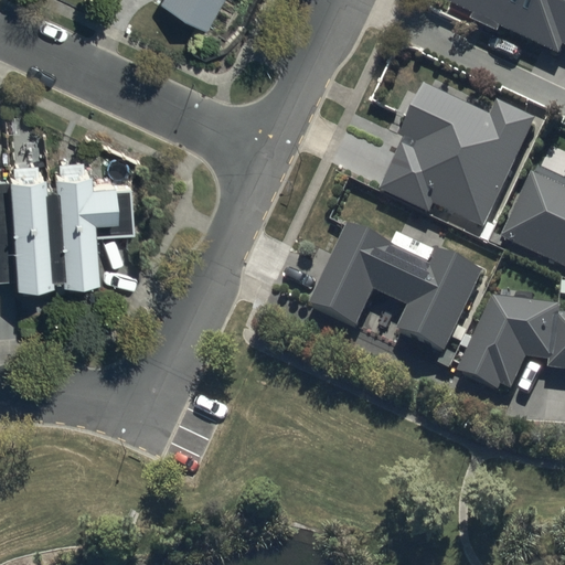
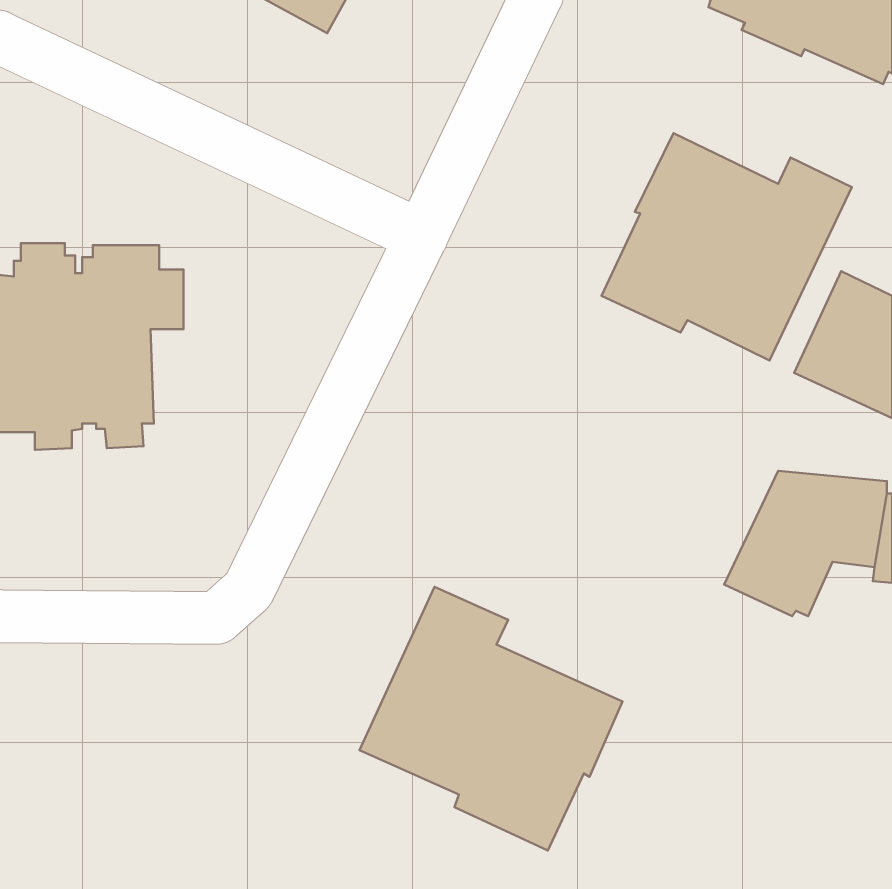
building: [310,222,482,351] -> none
building: none -> [360,587,623,850]

